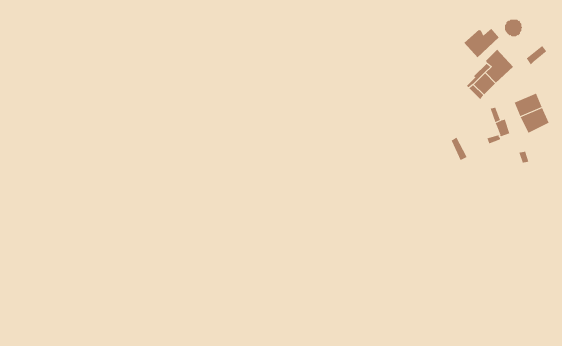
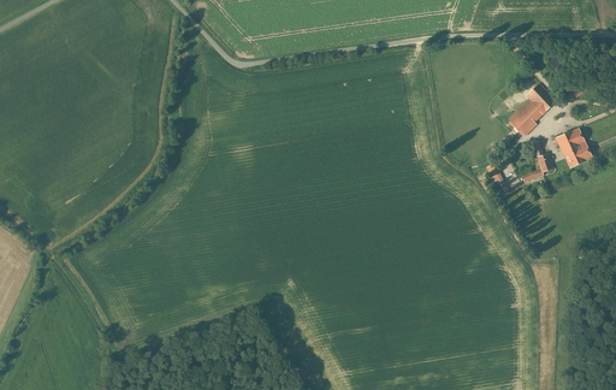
building: [463,28,499,58] -> none

